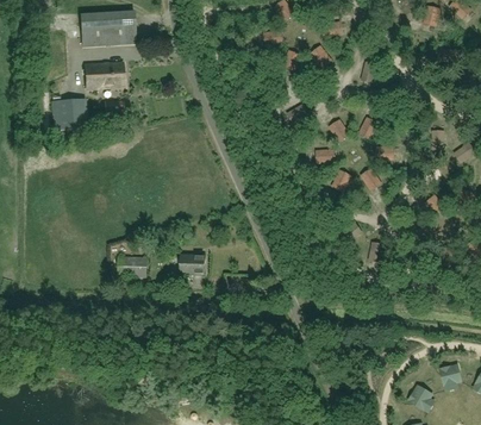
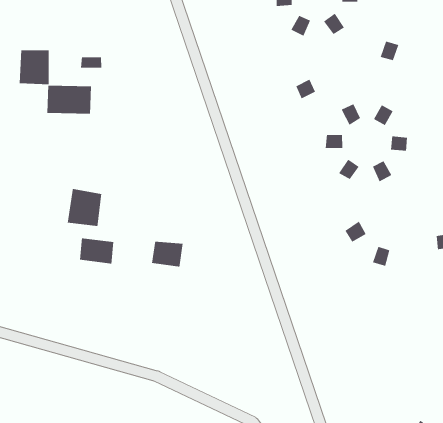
building: [86,62,125,88] -> [46,85,92,114]
building: none -> [67,188,102,227]

